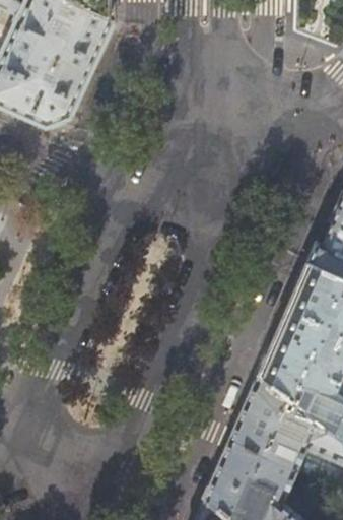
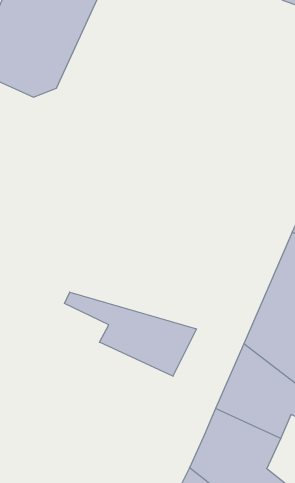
building: none -> [65,292,196,376]

